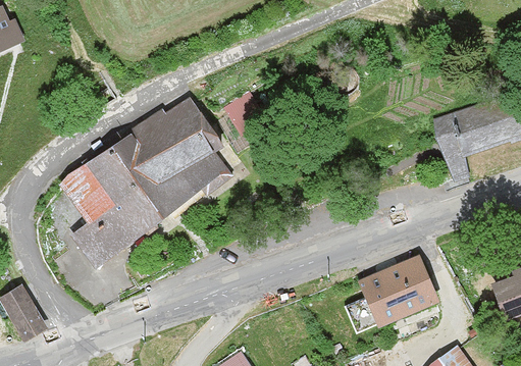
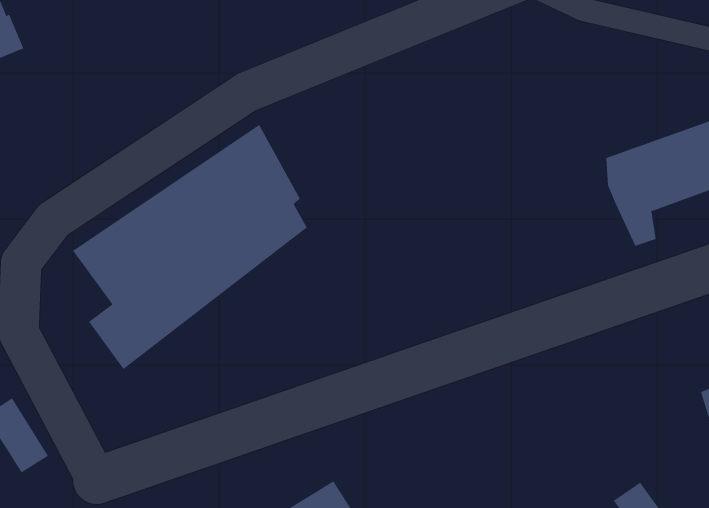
building: [358,257,437,327] -> none

